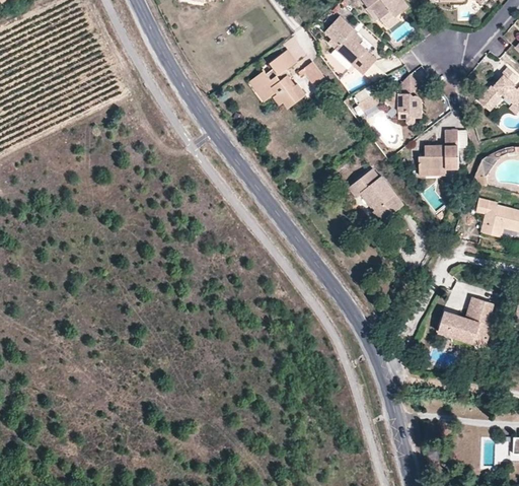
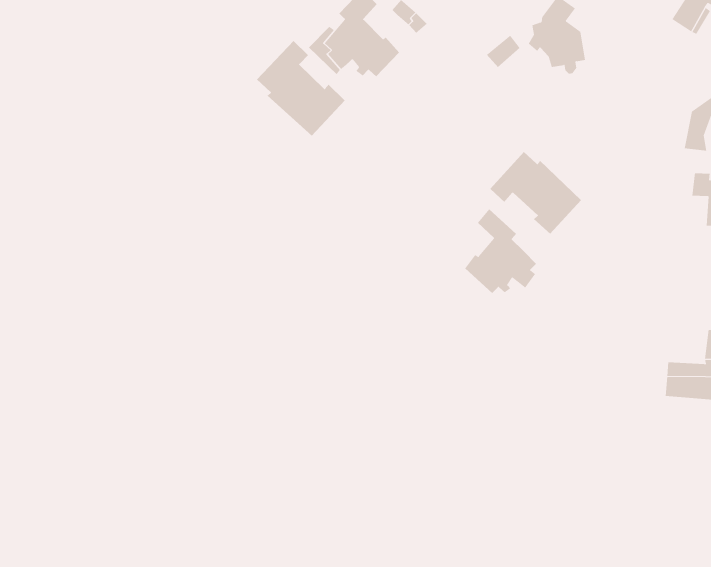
building: none -> [256,40,346,137]
building: [418,131,459,168] -> none
building: none -> [465,209,537,294]

